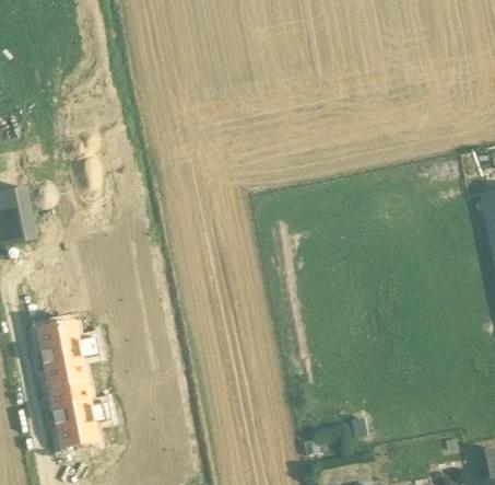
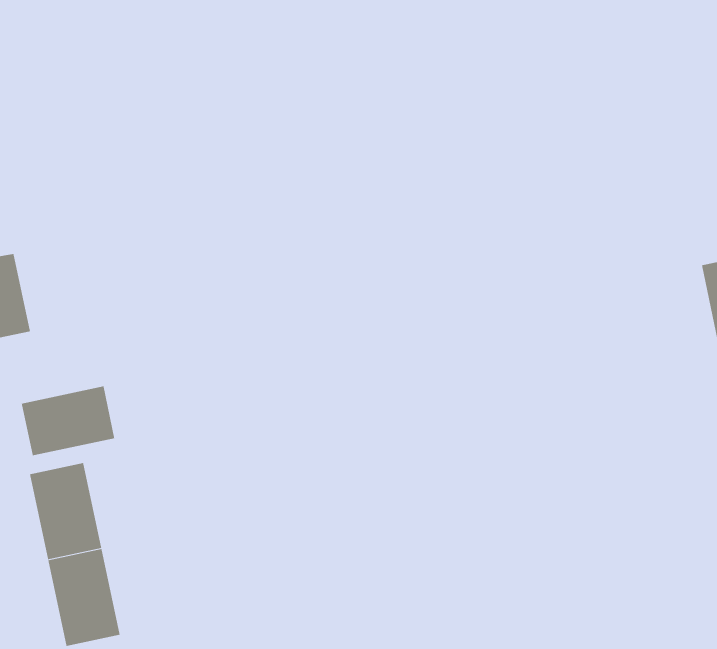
building: none -> [21,386,115,456]

